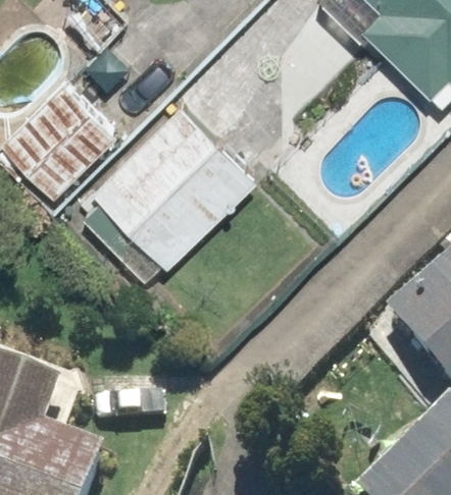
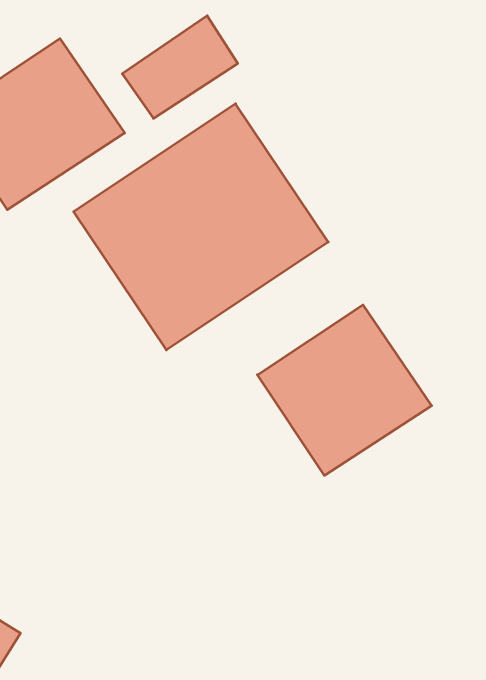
building: none -> [257,305,432,475]

